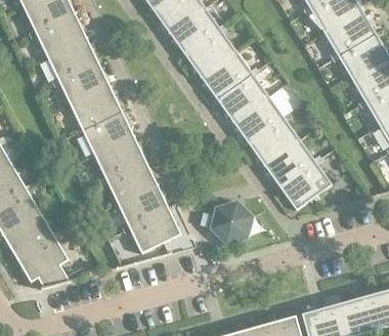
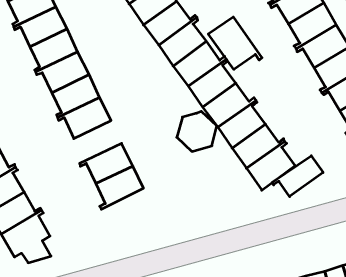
building: none -> [208,17,262,69]
building: [93,134,144,180] -> none
building: none -> [272,156,323,197]
building: [211,202,254,245] -> [177,111,217,151]
building: [123,207,180,252] -> none

